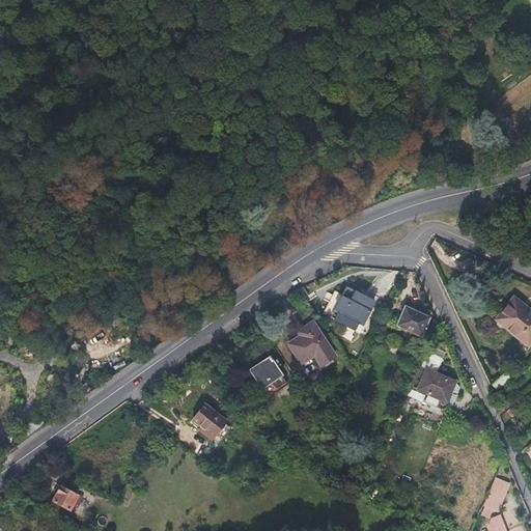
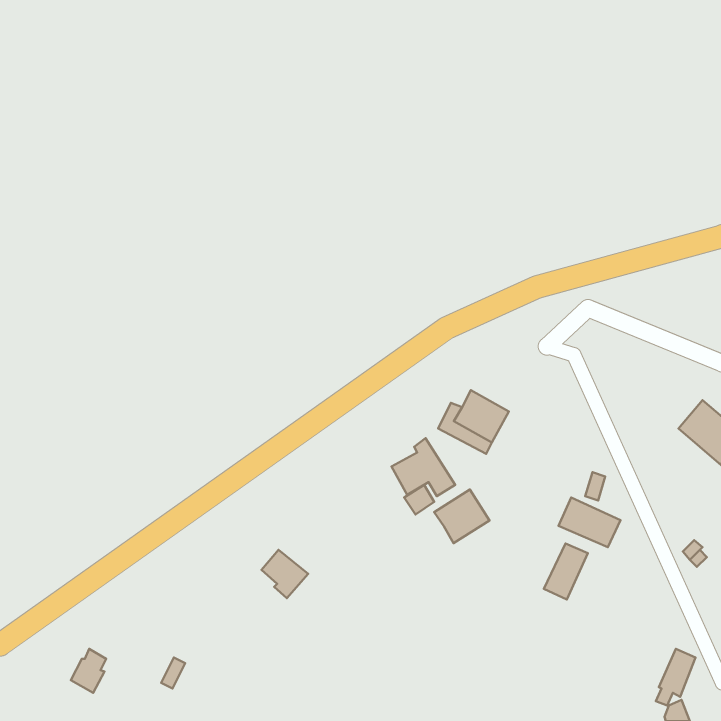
building: [397,305,430,336] -> none
building: [249,356,286,390] -> none
building: none -> [434,489,489,543]
building: none -> [544,544,588,600]

